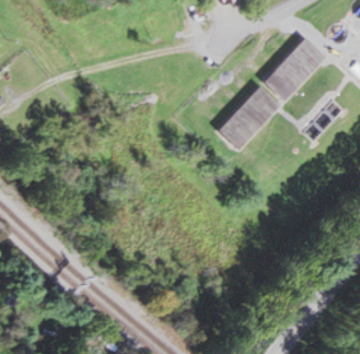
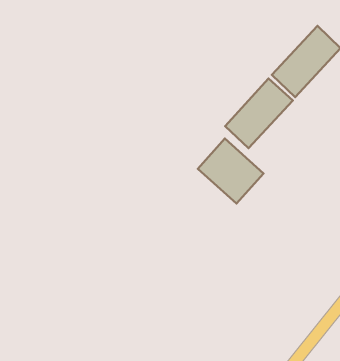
building: none -> [198,138,263,204]

